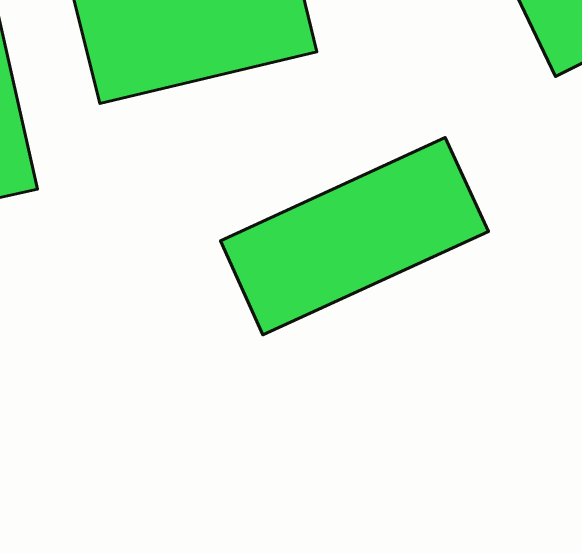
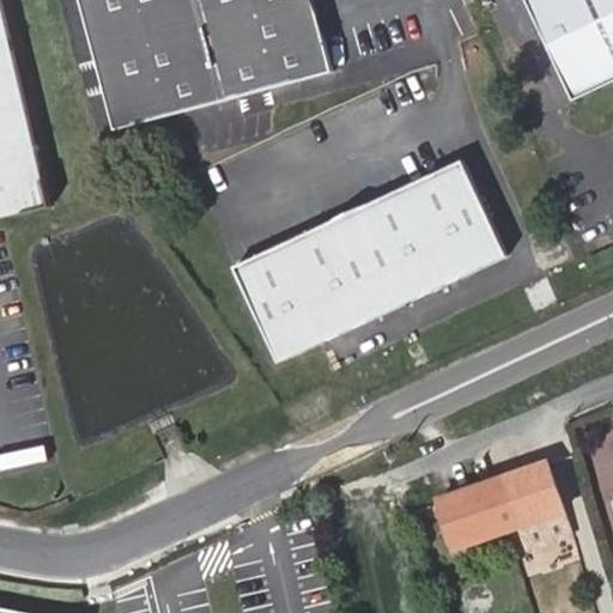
building: none -> [439,463,575,554]

